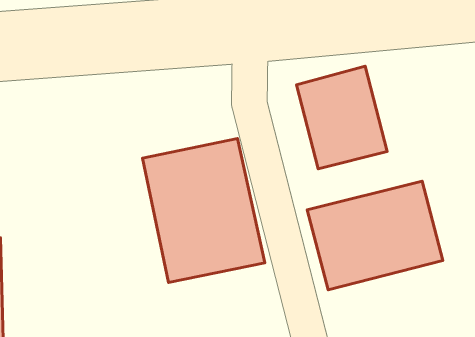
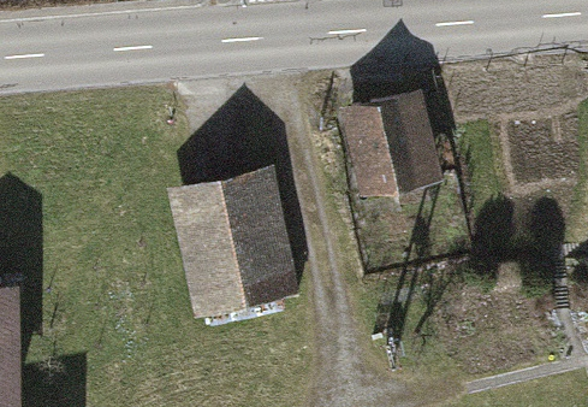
building: [307,181,443,290] -> none

